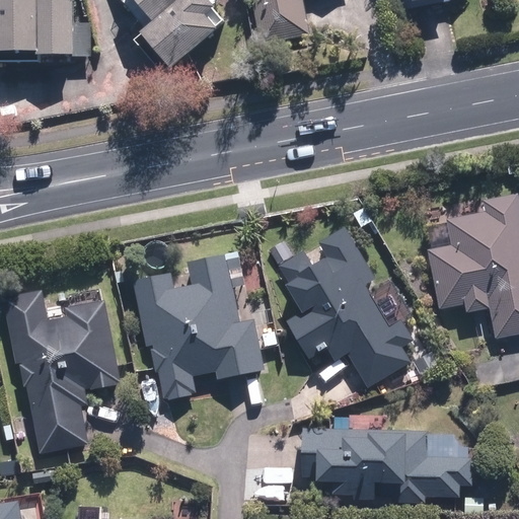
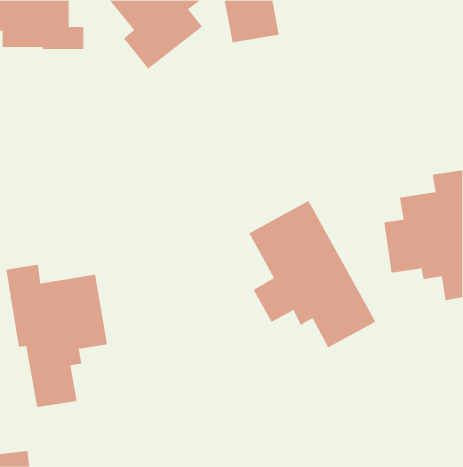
building: [137,254,266,399] -> none
building: [304,425,476,501] -> none

